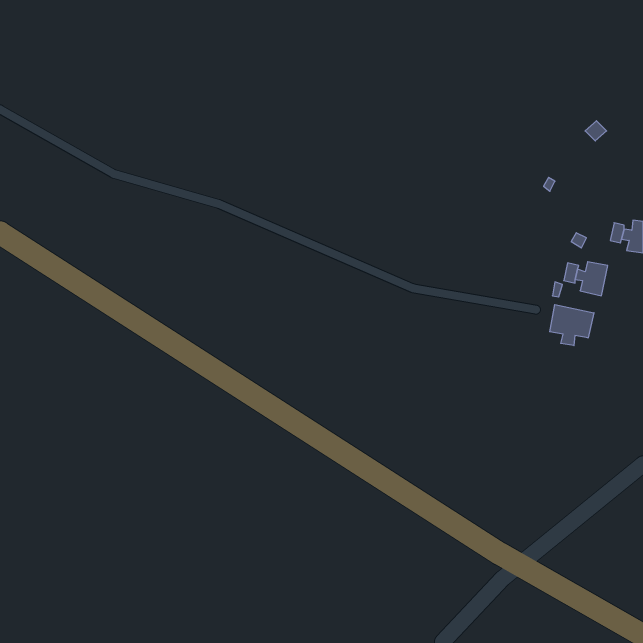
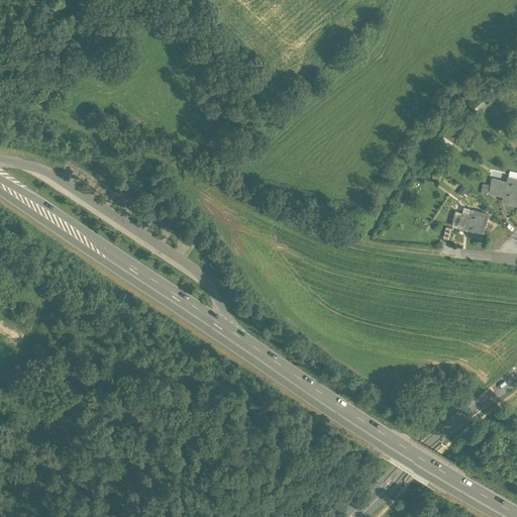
building: [550,305,594,346] -> none

